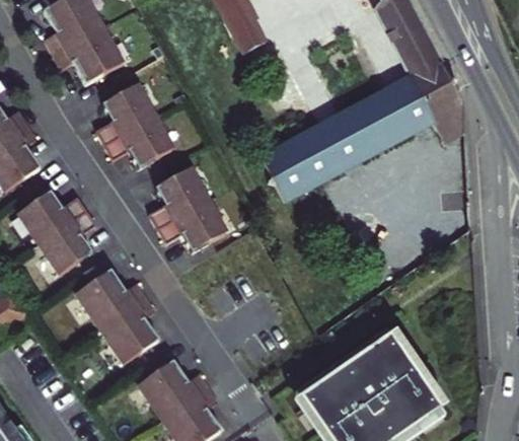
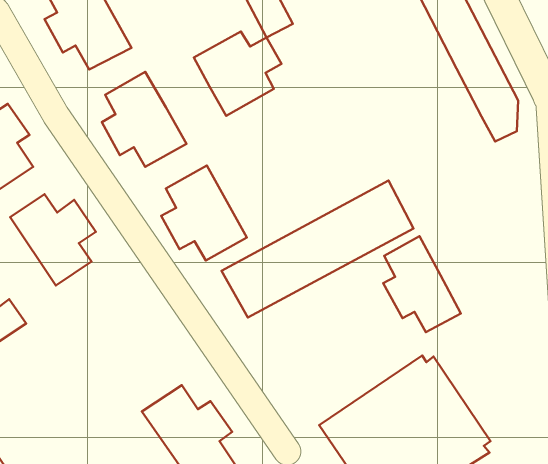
building: none -> [194,31,282,116]
building: [265,79,435,201] -> [221,180,414,318]
building: none -> [383,236,461,332]
building: [73,269,155,363] -> none

